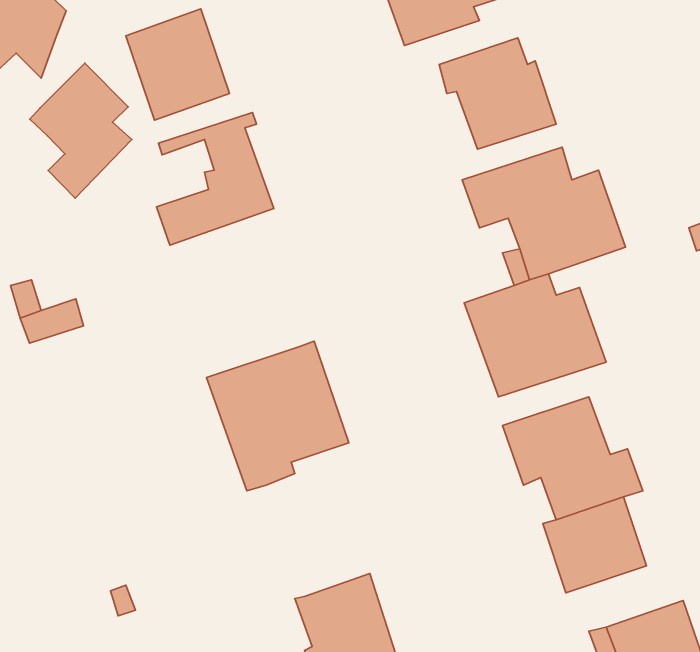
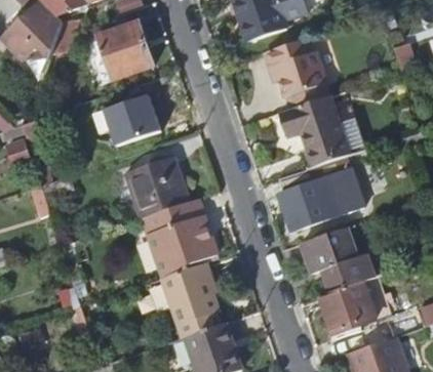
building: [30,63,132,198] -> none
building: none -> [124,156,189,217]
building: none -> [171,259,229,334]

